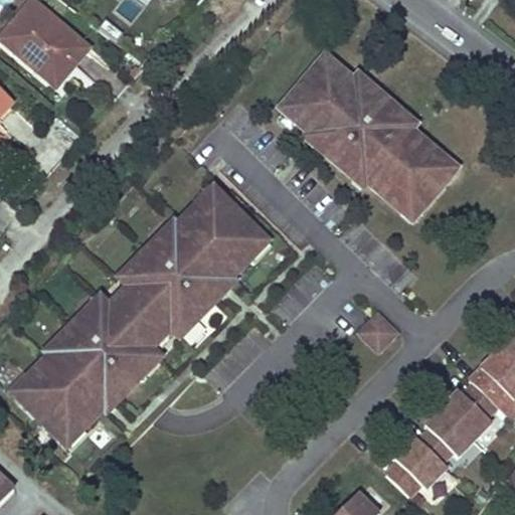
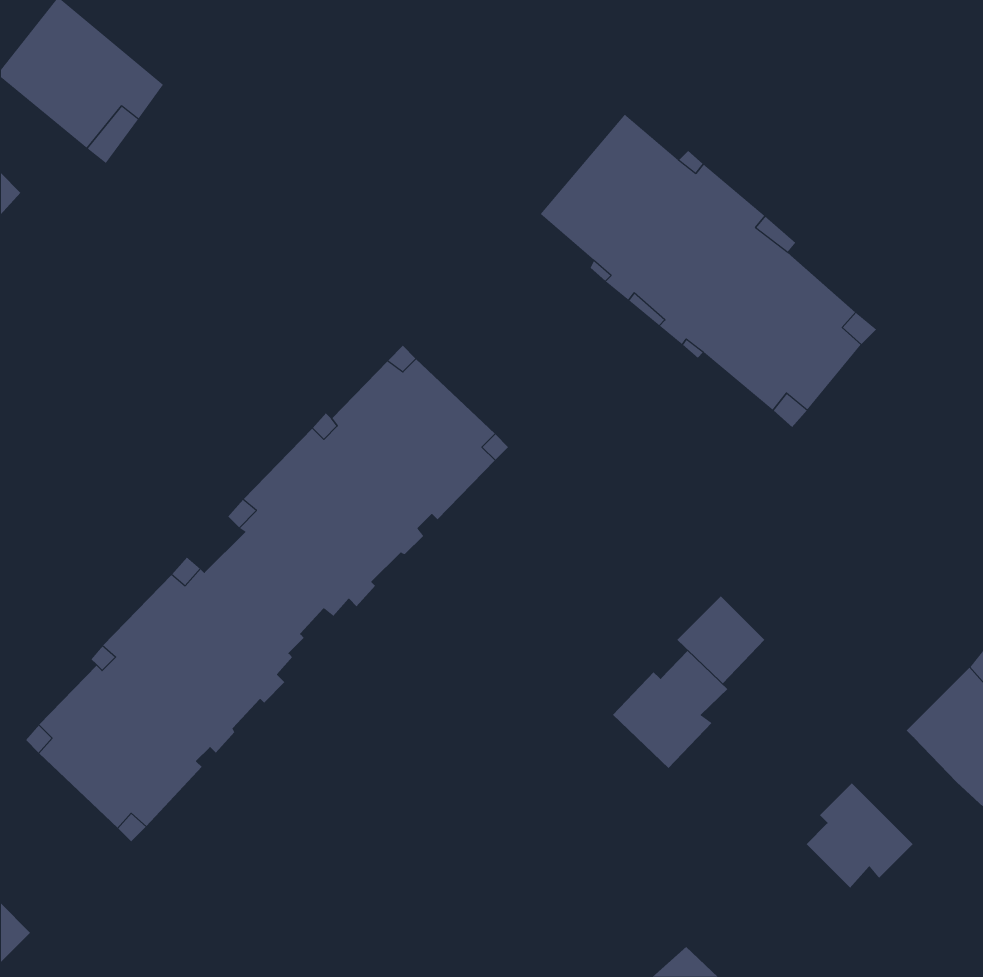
building: none -> [612,650,728,769]
building: [446,385,500,441] -> none
building: [388,437,450,496] -> none

